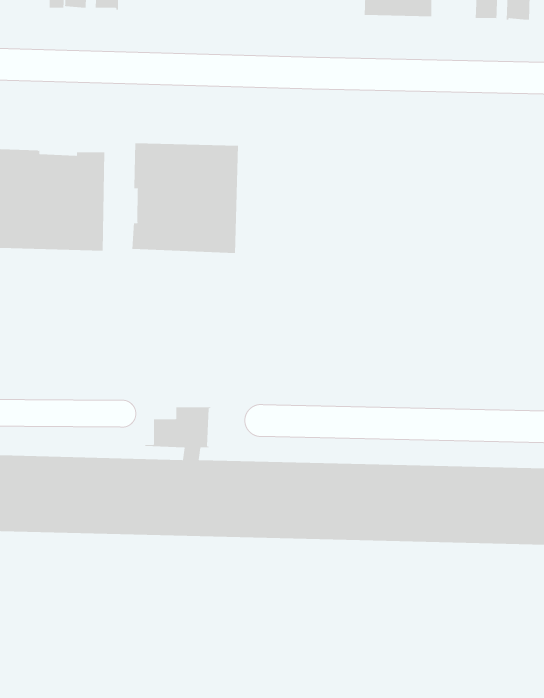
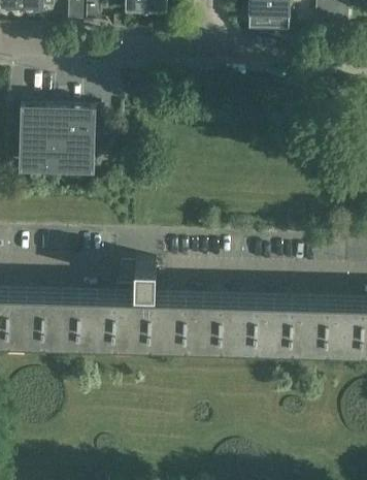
building: [132,143,239,254] -> none

